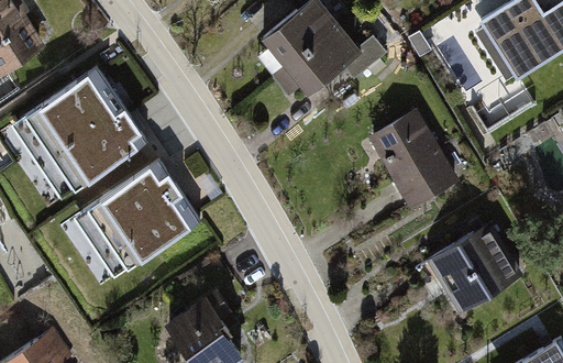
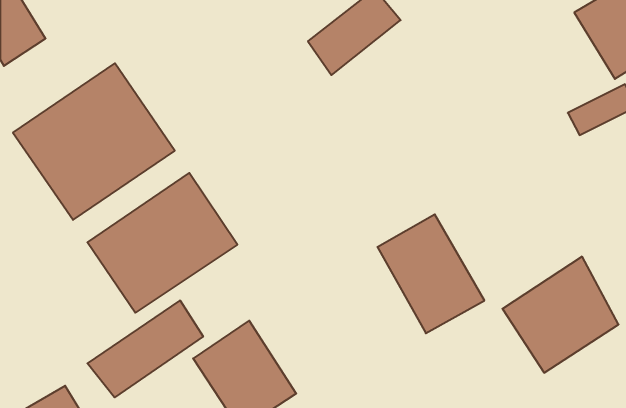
building: [279,26,361,101] -> none
building: [367,110,457,210] -> [377,214,484,333]
building: none -> [87,300,203,397]

